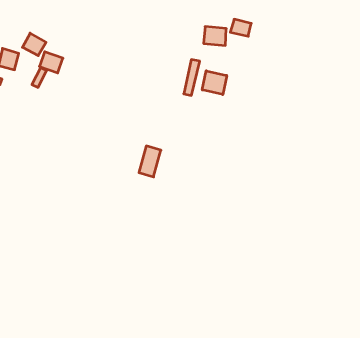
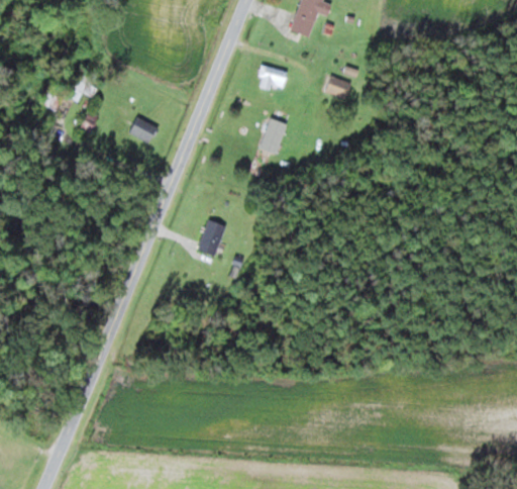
building: [204,27,226,45] -> [256,66,286,91]
building: [39,52,63,73] -> [127,117,157,144]
building: [202,71,227,95] -> none

